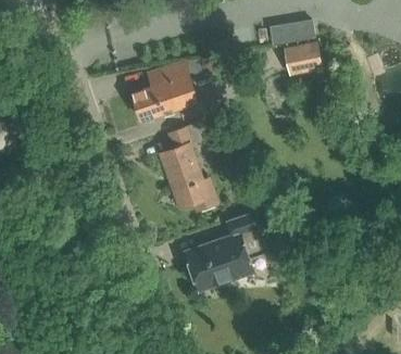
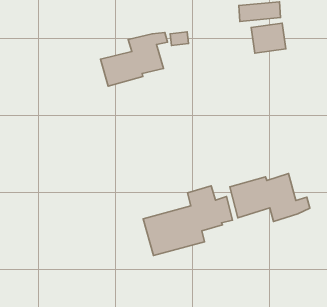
building: [162,118,216,208] -> none
building: none -> [230,173,310,221]

